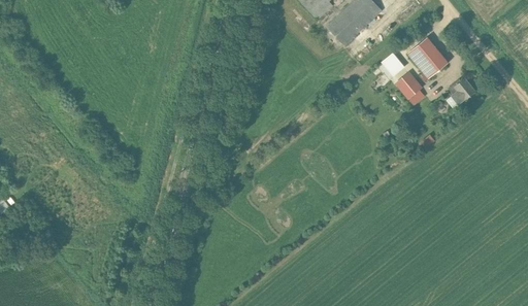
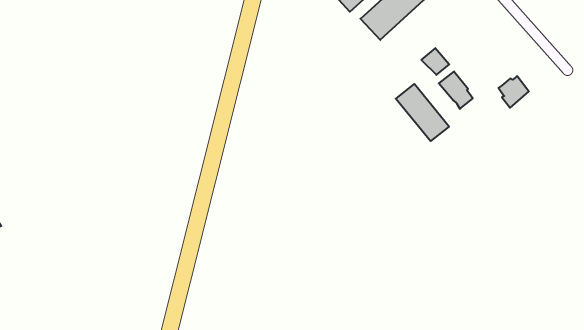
building: [408,37,448,80] -> none
building: none -> [396,84,449,141]

